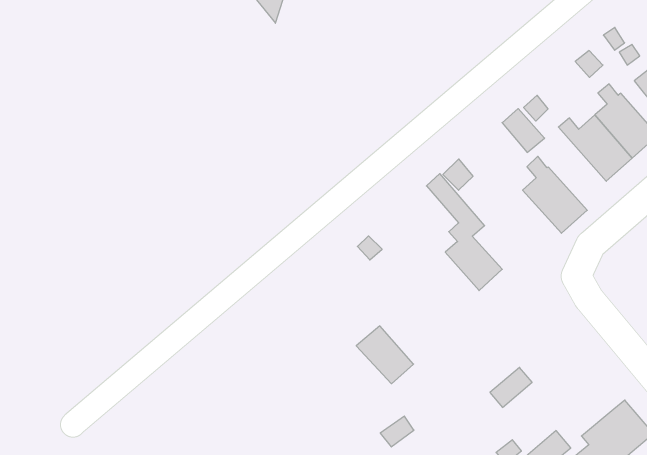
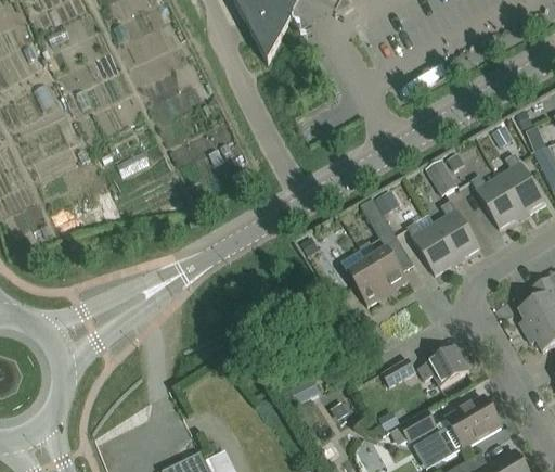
building: none -> [406,219,457,273]
building: [356,326,414,384] -> [346,259,387,305]
building: none -> [418,345,468,386]

